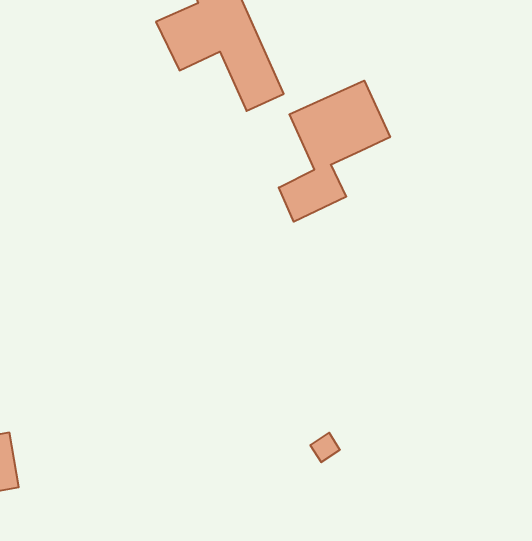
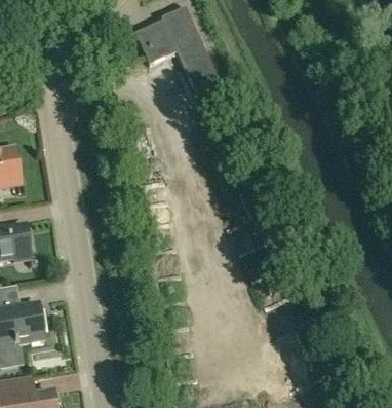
building: [279,81,390,222] -> none

